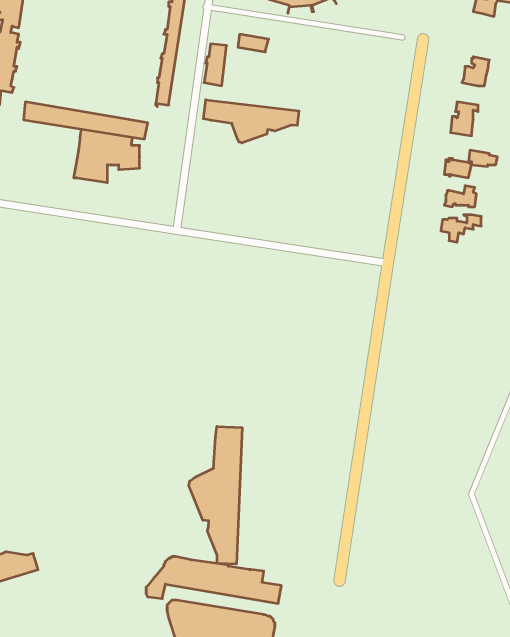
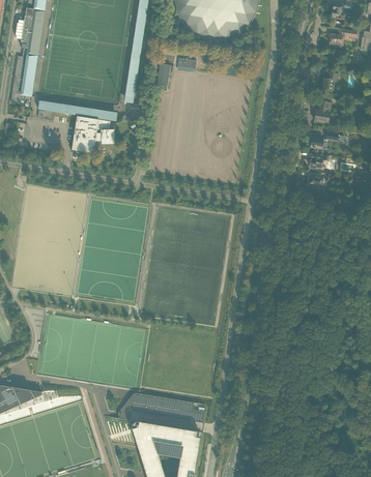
building: [203,100,299,143] -> none
building: [189,426,242,564] -> none

